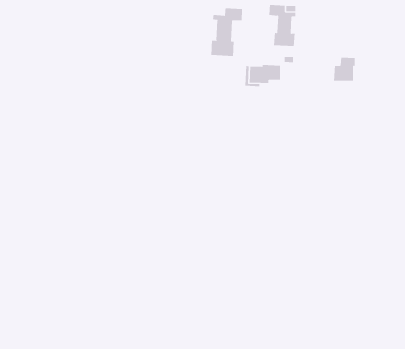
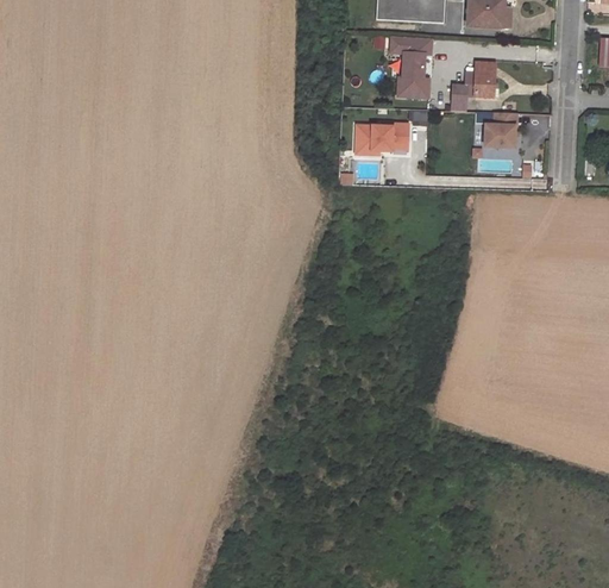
building: [211,7,243,57] -> none
building: none -> [452,63,494,112]

